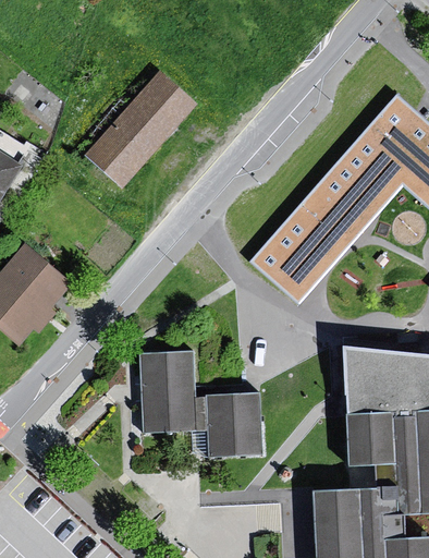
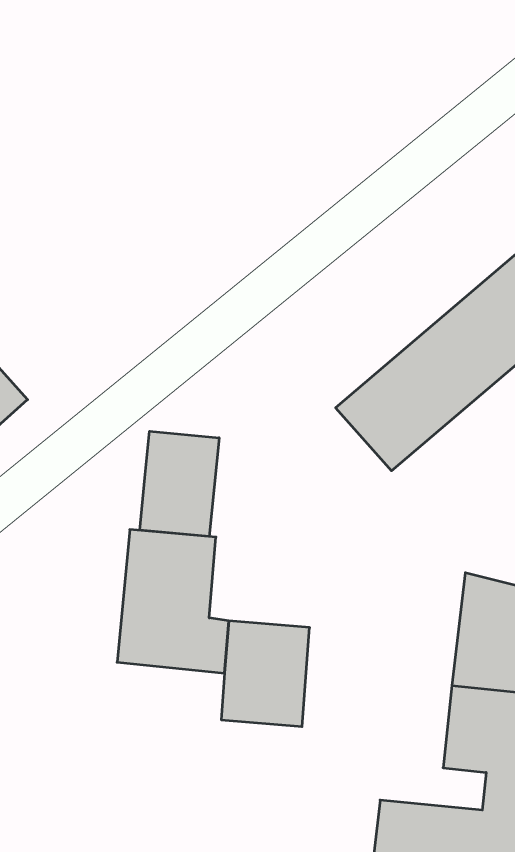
building: [77,75,189,191] -> none
building: none -> [140,431,219,536]

